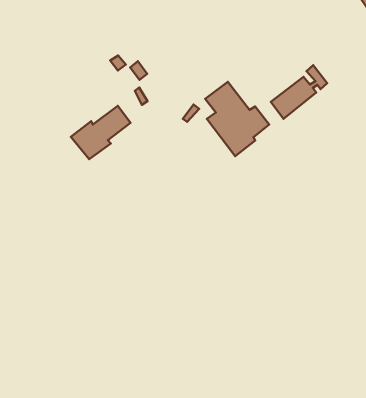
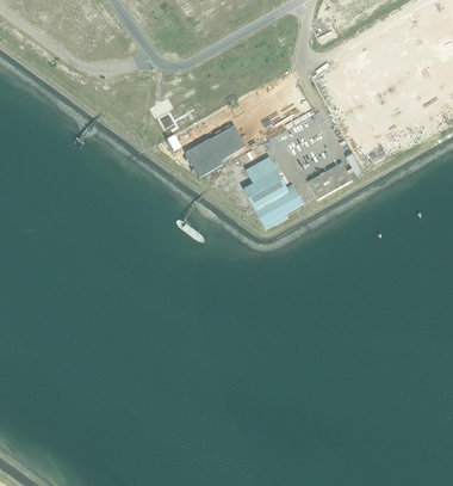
building: [71,106,130,159] -> [188,129,247,176]

